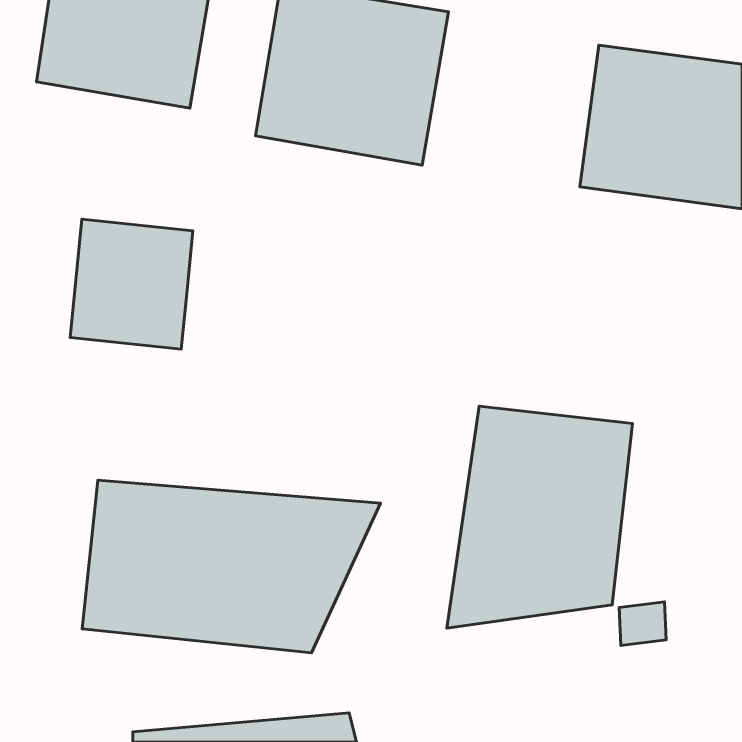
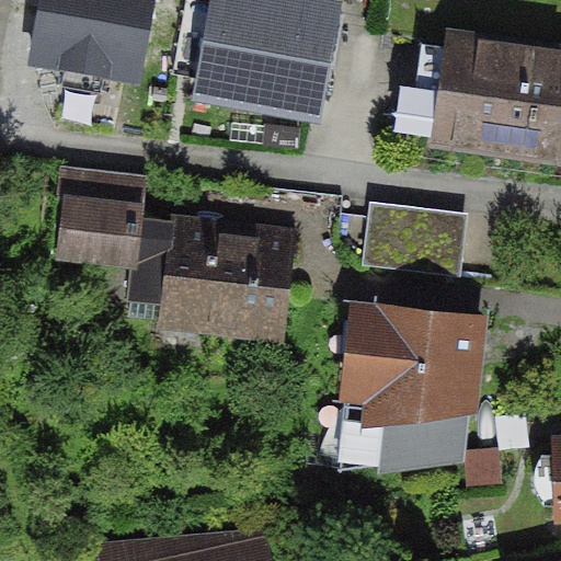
building: none -> [364,201,468,275]
building: none -> [130,218,295,335]
building: [82,480,380,653] -> none

